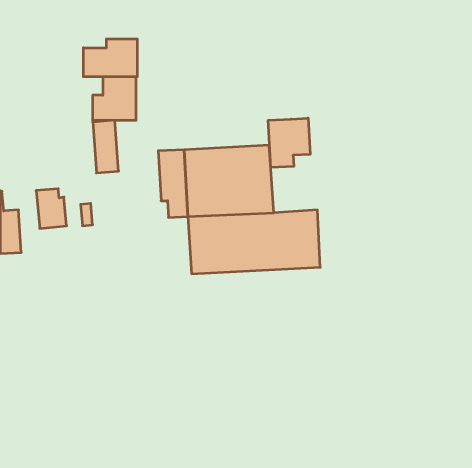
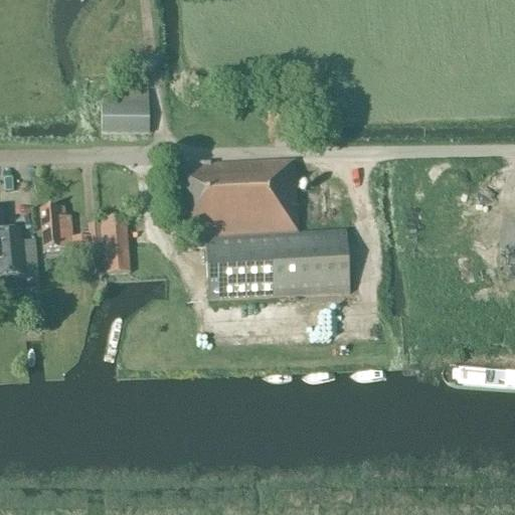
building: [83,39,137,77] -> none
building: [268,118,310,168] -> none
building: [93,120,119,173] -> [102,215,130,273]

